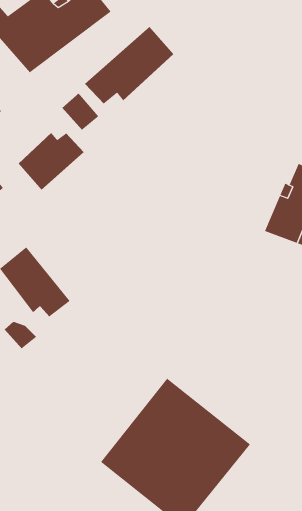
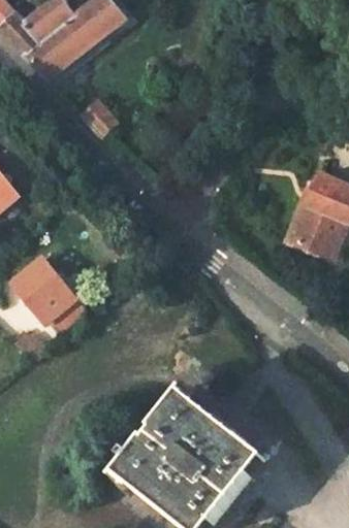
building: [84,26,174,104] -> none
building: [18,132,85,190] -> none

